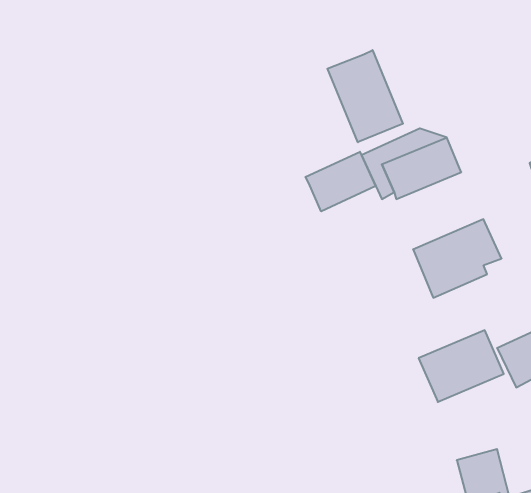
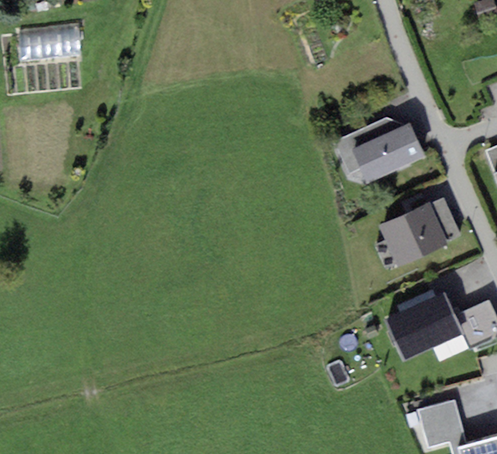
building: none -> [23,29,83,64]
building: [327,50,403,142] -> none
building: [305,152,376,211] -> none

